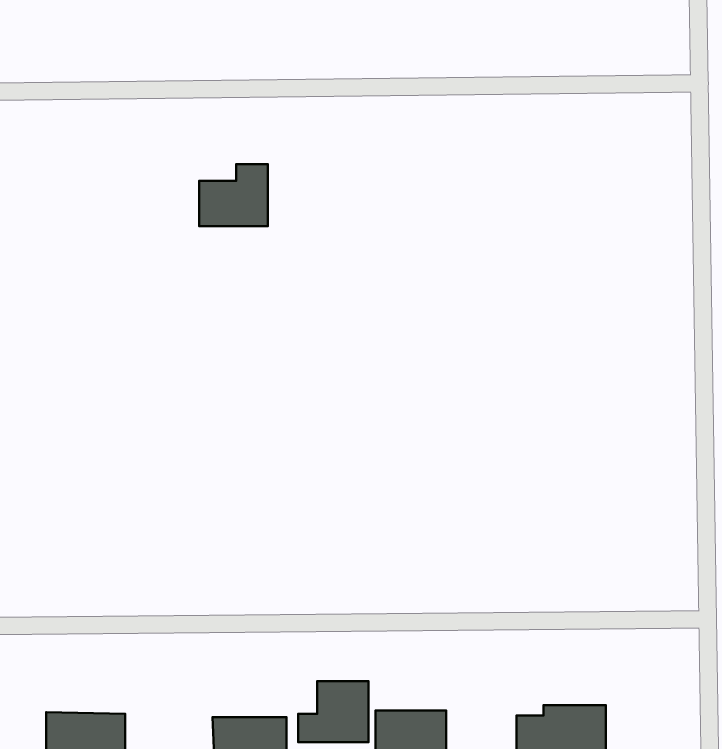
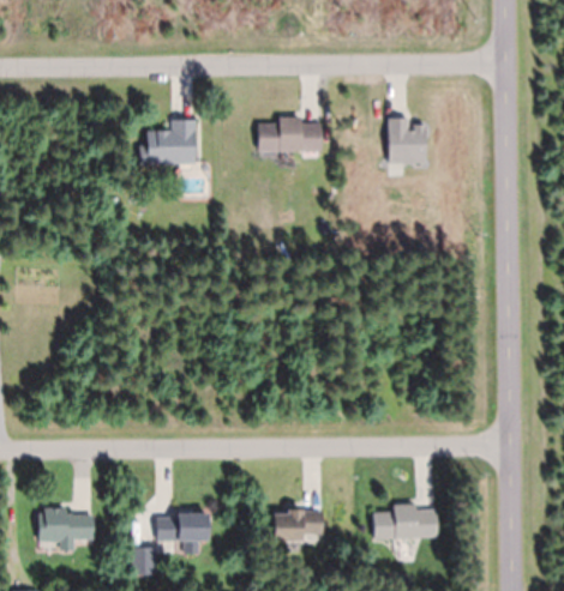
building: none -> [389,119,426,164]
building: none -> [258,120,320,150]
building: [298,681,369,742] -> none

